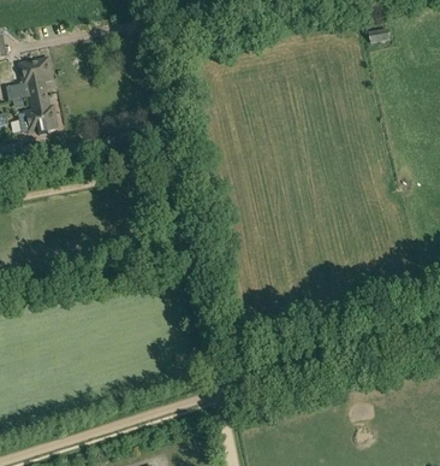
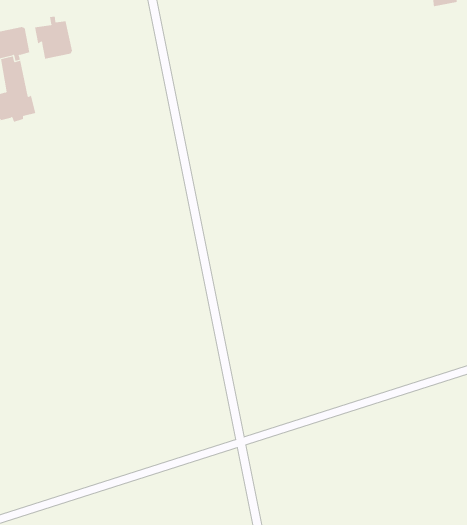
building: none -> [34,16,73,59]

